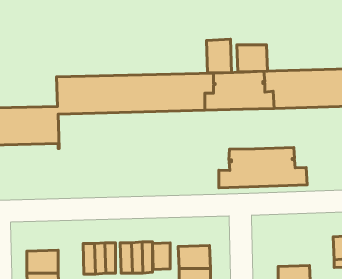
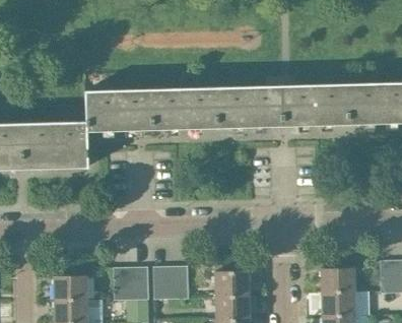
building: [207,39,232,73] -> none
building: [237,45,267,72] -> none
building: [219,148,307,188] -> none
building: none -> [321,267,355,293]
building: [152,243,170,269] -> none

